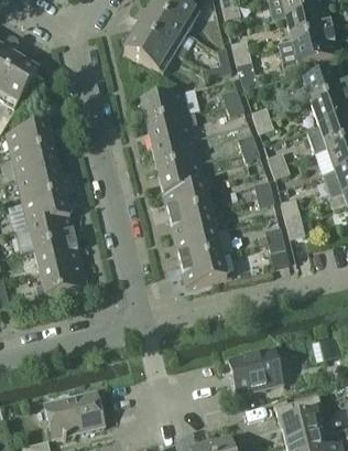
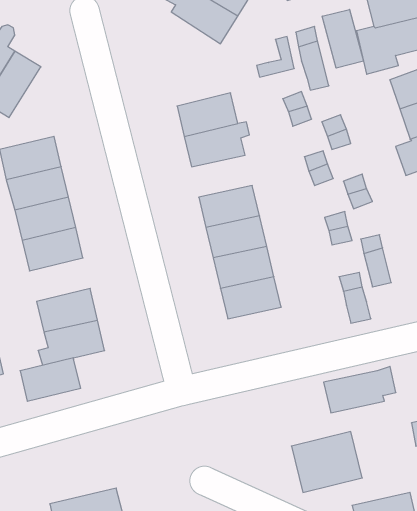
building: none -> [322,9,364,68]
building: [123,28,174,73] -> none
building: [152,137,198,169] -> none
building: [29,215,75,248] -> [20,358,81,401]
building: [180,249,235,284] -> [324,366,396,413]

